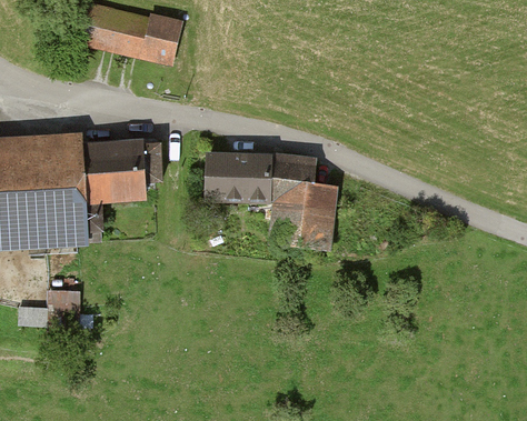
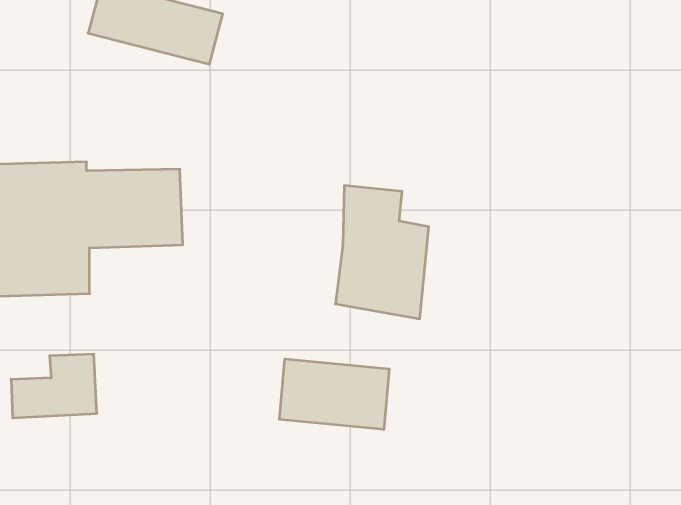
building: [207,153,271,199] -> none
building: none -> [279,359,389,430]

